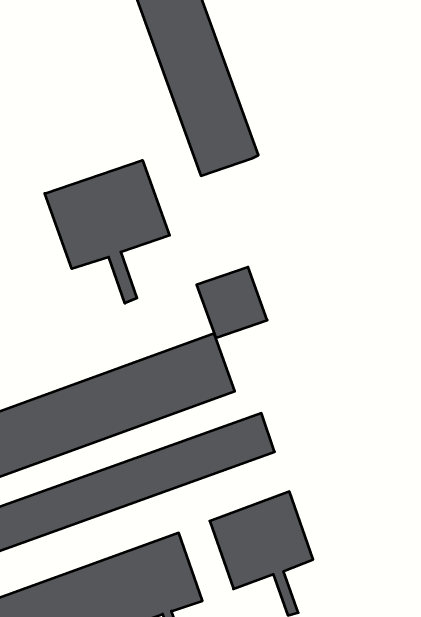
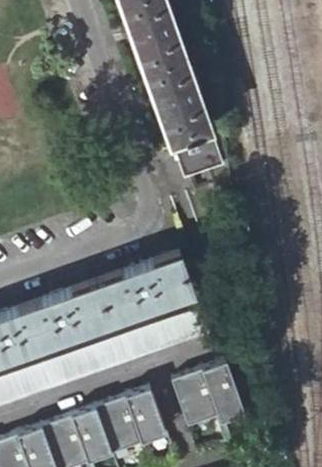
building: [45,160,170,303] -> none
building: [197,267,267,338] -> [169,126,217,175]

